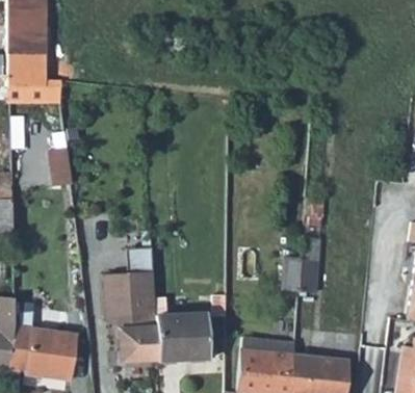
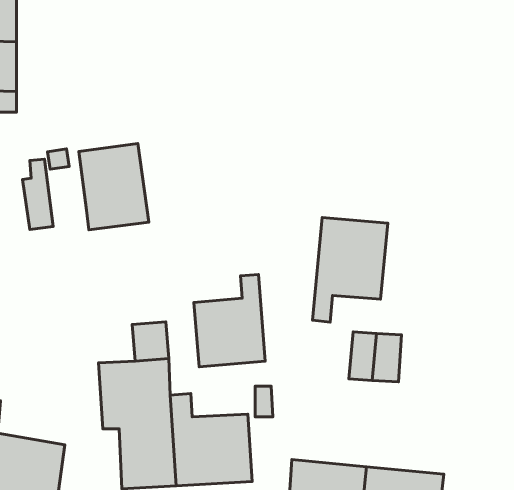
building: none -> [79,144,149,230]
building: none -> [313,218,388,322]
building: none -> [194,274,265,367]

